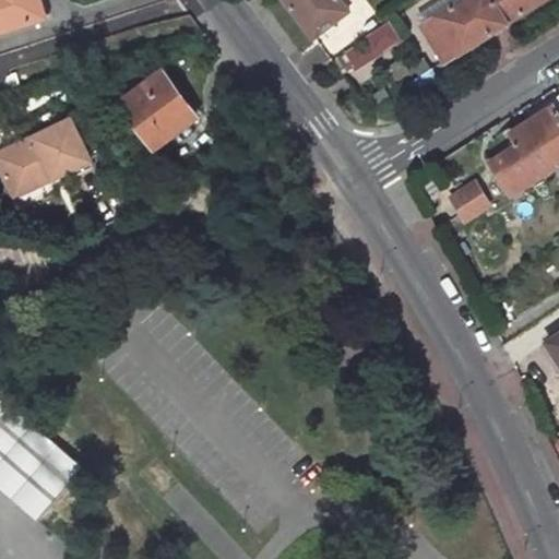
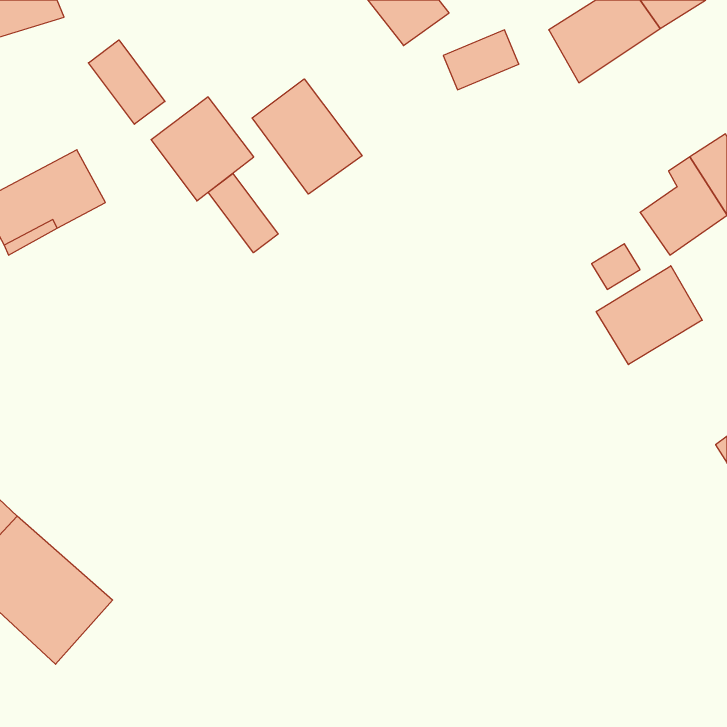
building: none -> [88,40,165,124]
building: none -> [252,79,362,194]
building: none -> [208,174,278,253]
building: none -> [596,266,702,365]

